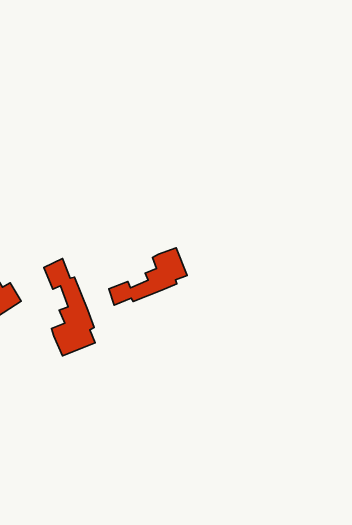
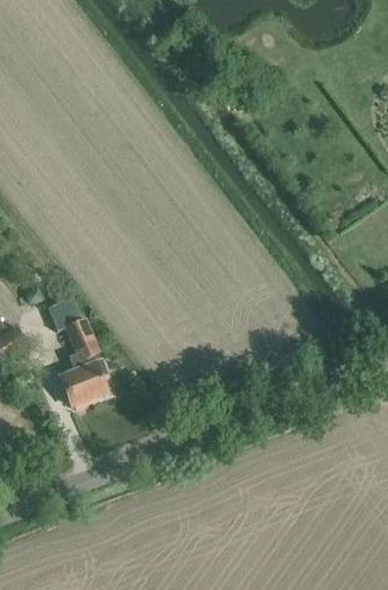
building: [109,248,187,305] -> none

